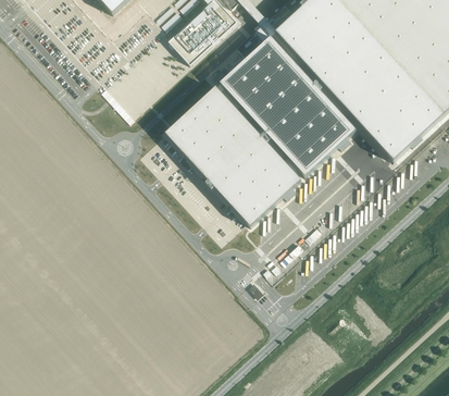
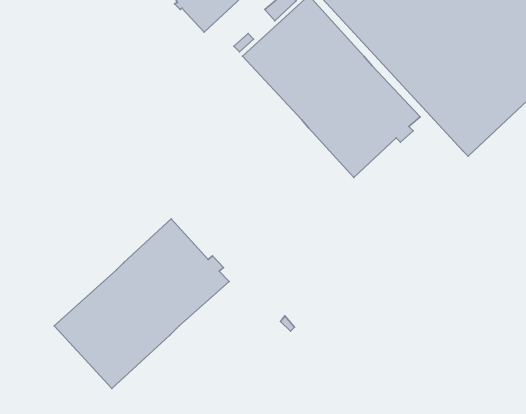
building: [165,85,301,225] -> none
building: none -> [54,219,229,389]

